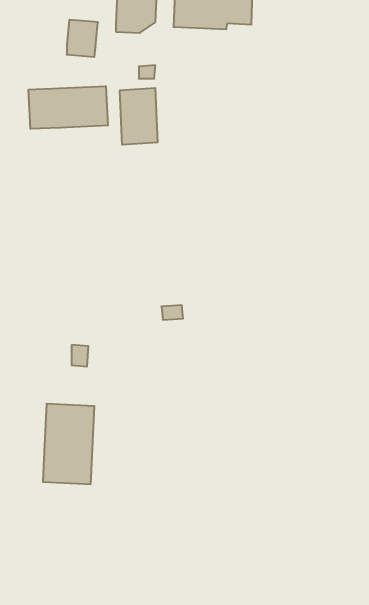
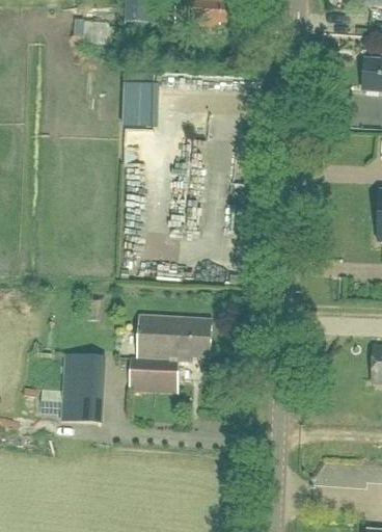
building: [29,86,108,129] -> none
building: none -> [130,312,212,391]

